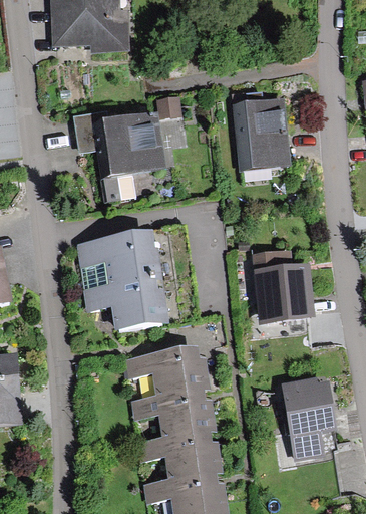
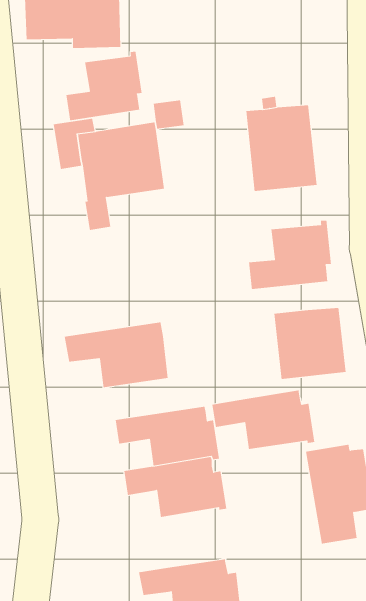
building: none -> [66,51,142,121]
building: none -> [249,220,331,290]
building: [76,231,162,289] -> none
building: [137,430,223,479] -> [212,390,315,450]

